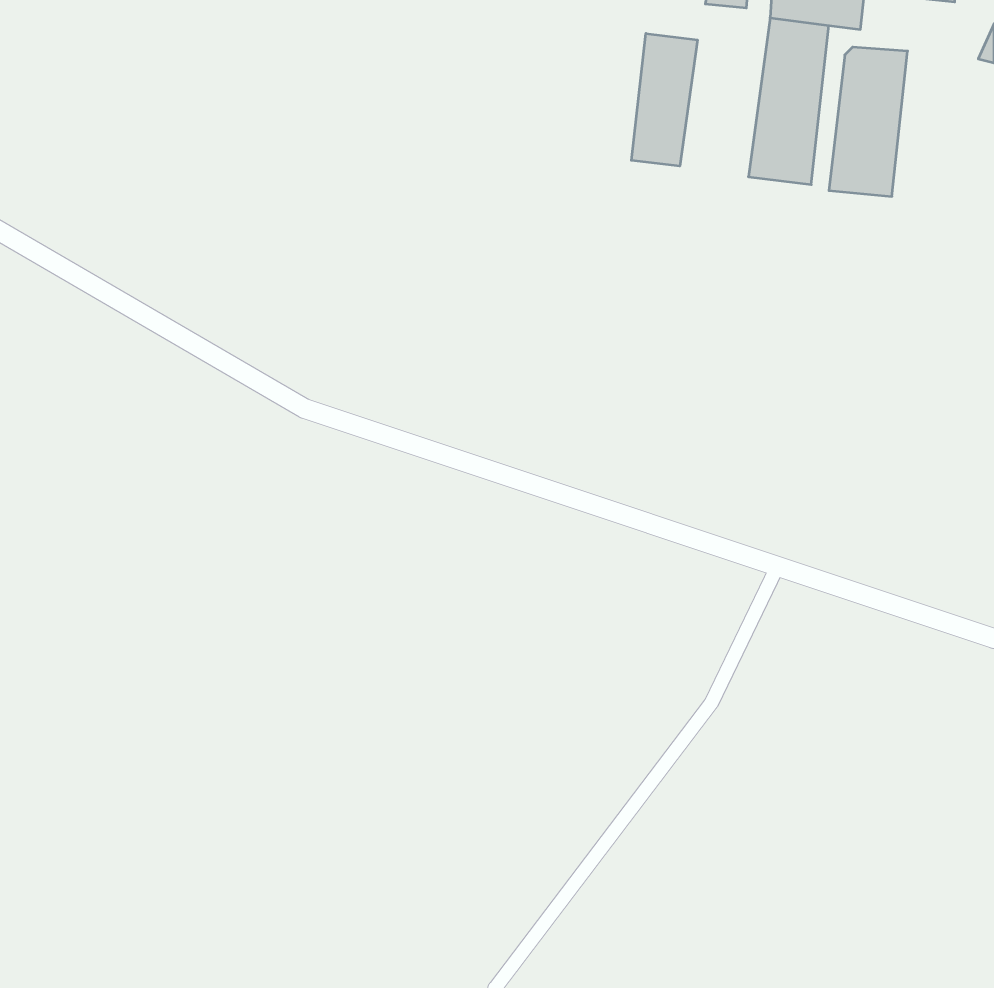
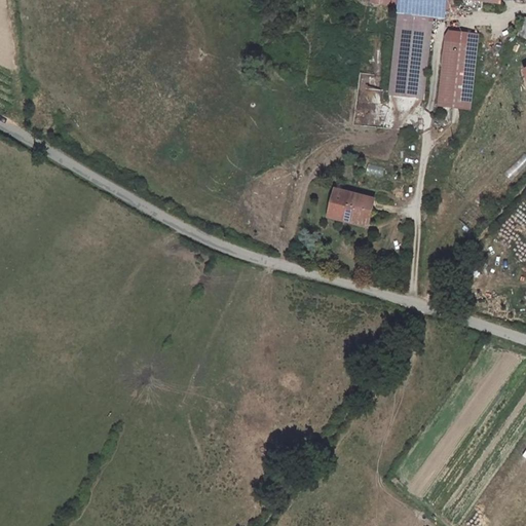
building: [631,33,697,166] -> none
building: none -> [327,188,373,221]

